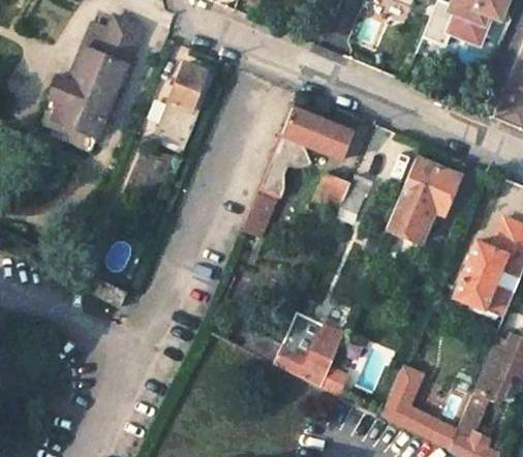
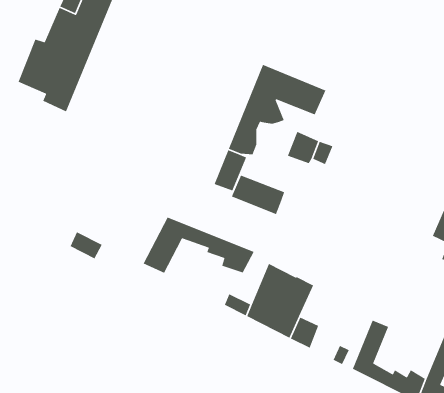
building: [158,59,216,136] -> none
building: [388,157,459,242] -> none
building: none -> [231,175,285,215]
building: none -> [143,217,255,274]

